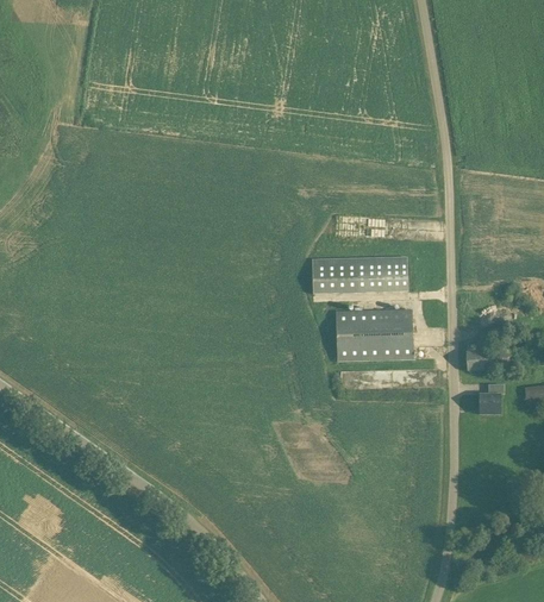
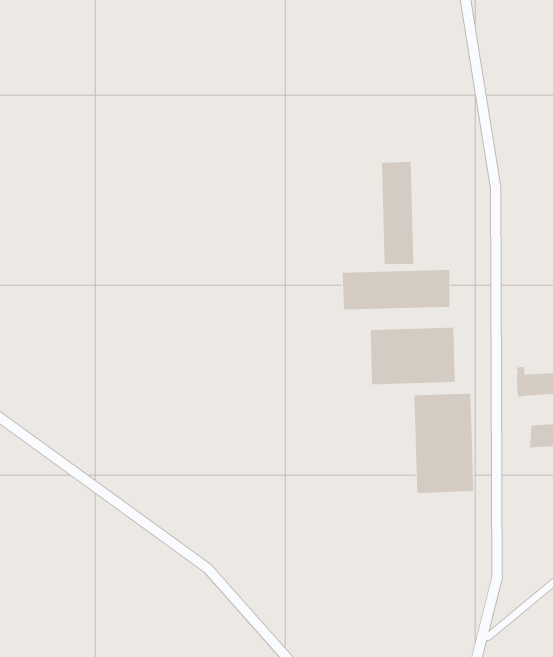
building: none -> [382,161,414,265]
building: none -> [414,393,474,494]

